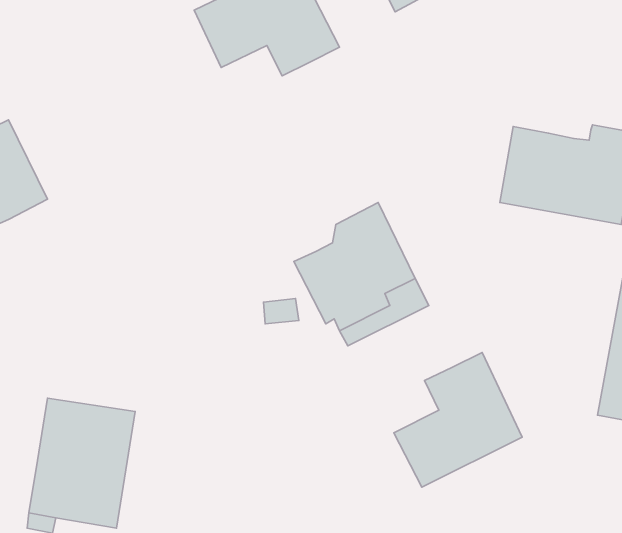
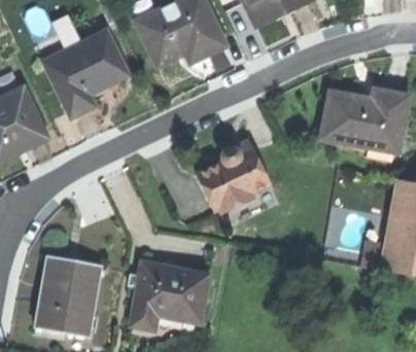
building: none -> [45,31,127,114]
building: [394,353,522,487] -> none
building: none -> [133,263,211,329]

